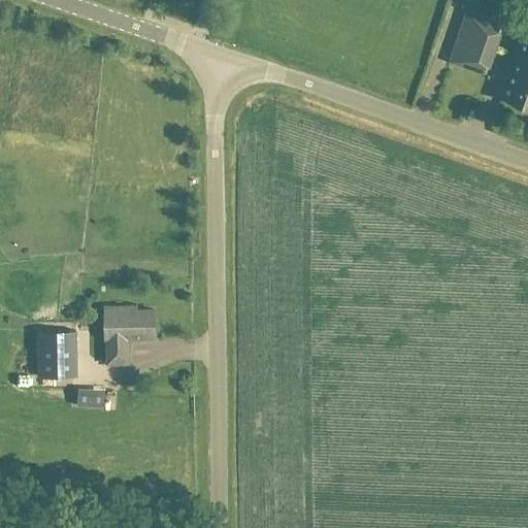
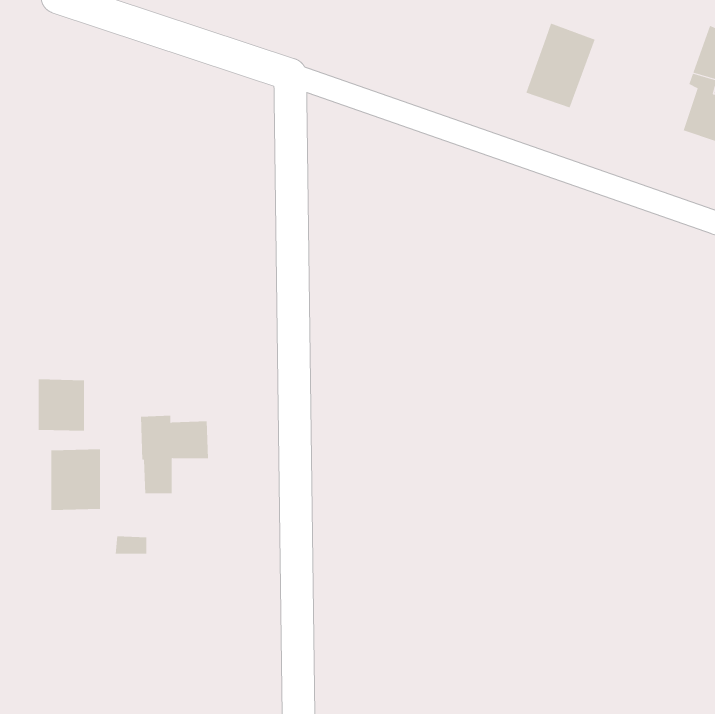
building: [450,10,501,73] -> [525,23,596,108]
building: none -> [38,379,84,432]

